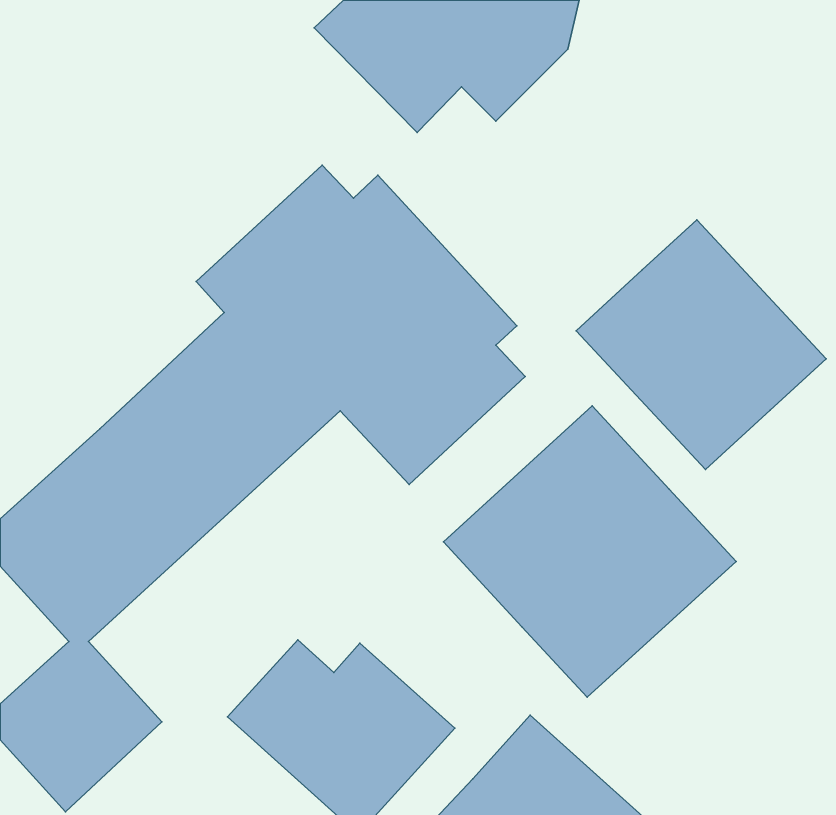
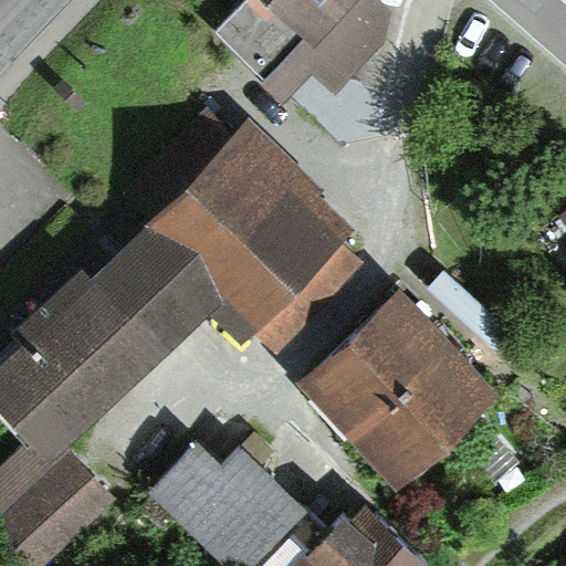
building: [576,220,826,470] -> none

